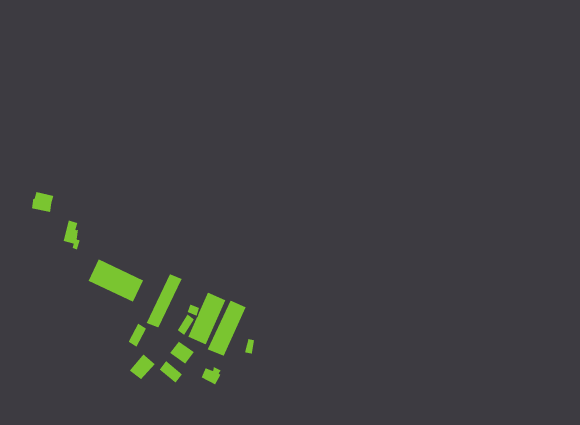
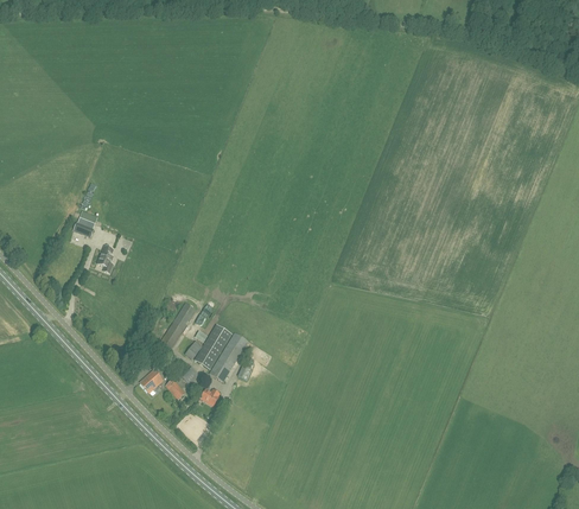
building: [88,259,144,303] -> none

